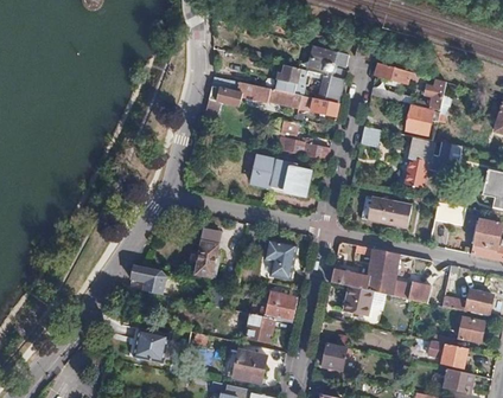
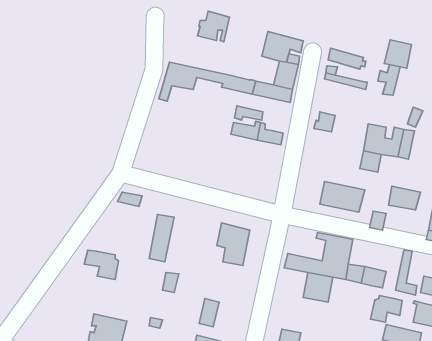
building: [275,65,307,96] -> [198,11,230,42]
building: [405,107,432,135] -> [384,40,411,68]
building: [253,156,311,198] -> none
building: [250,293,297,323] -> none
building: none -> [371,295,402,322]

